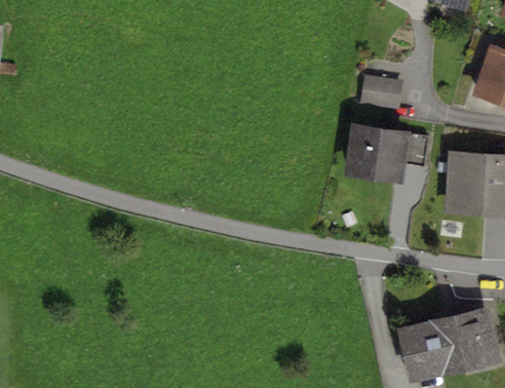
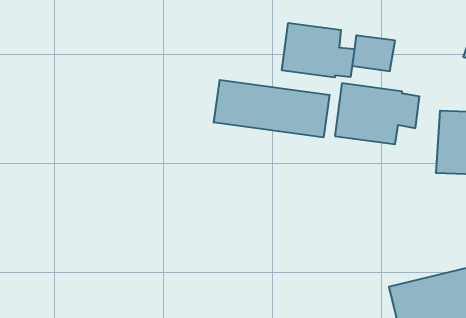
building: none -> [282,23,354,77]
building: none -> [214,80,329,137]

